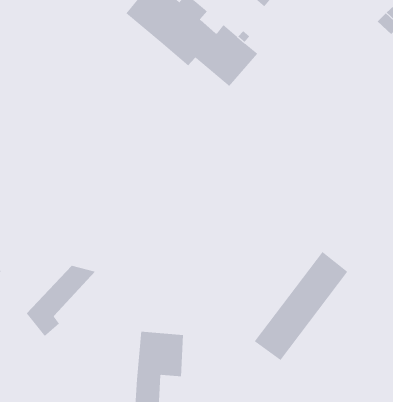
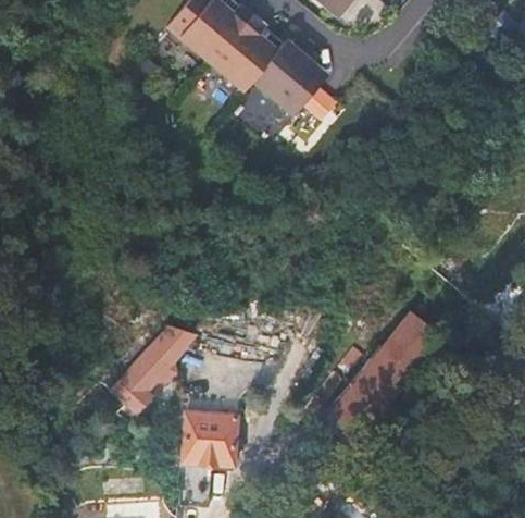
building: none -> [237,89,291,141]
building: [26,265,96,337] -> [111,328,196,415]

